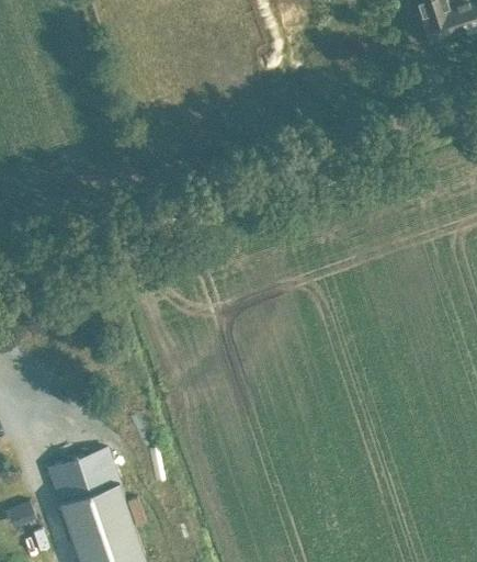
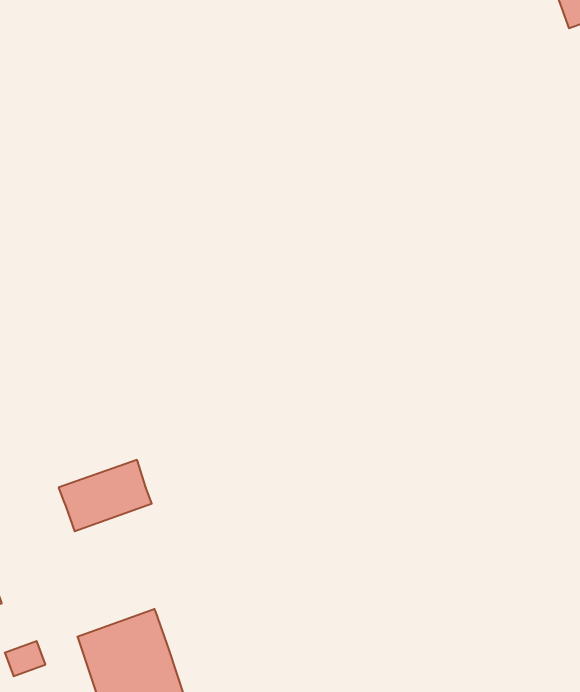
building: [47,447,117,501] -> [59,460,152,531]

